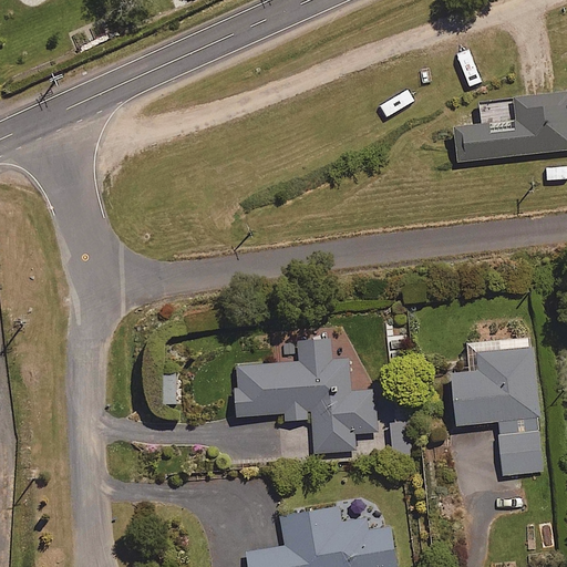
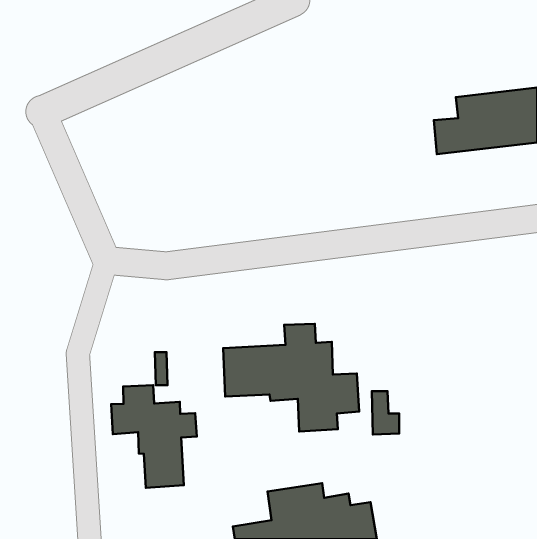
building: [451,336,544,475] -> none
building: none -> [111,385,197,488]

